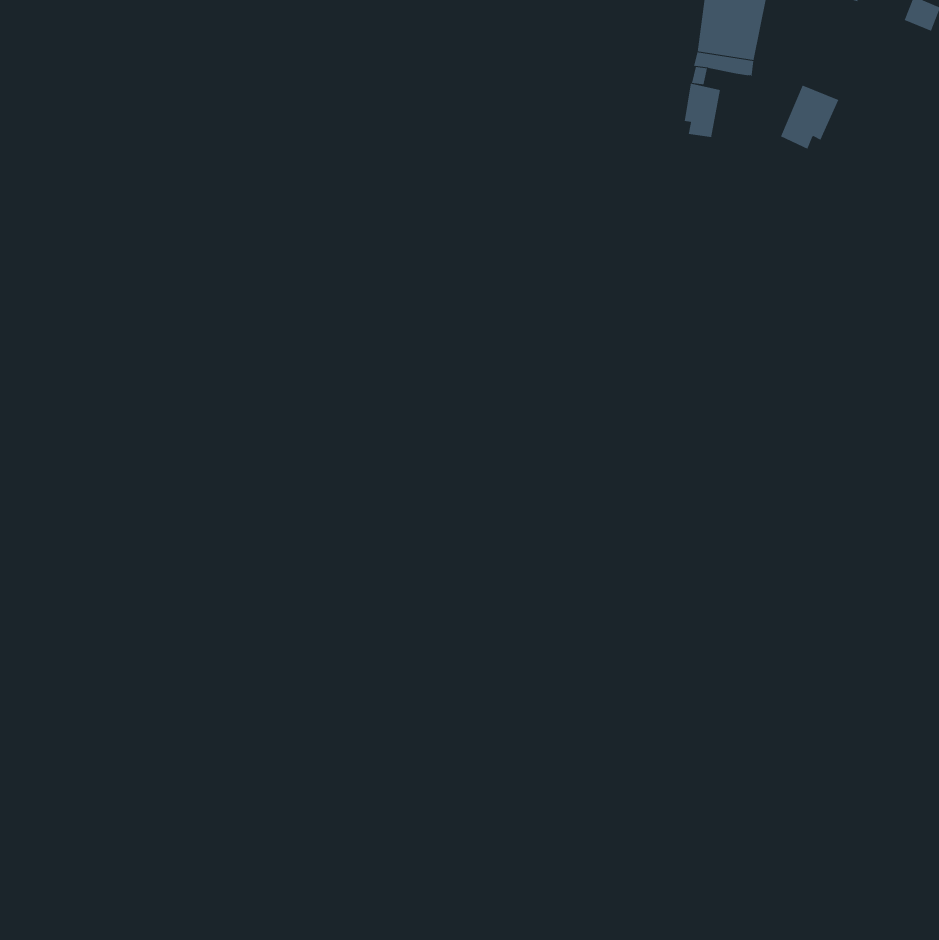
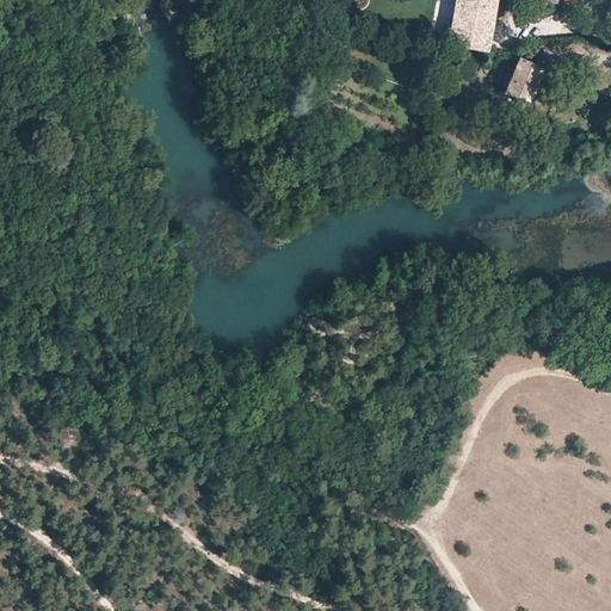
building: [684,83,721,138] -> none

